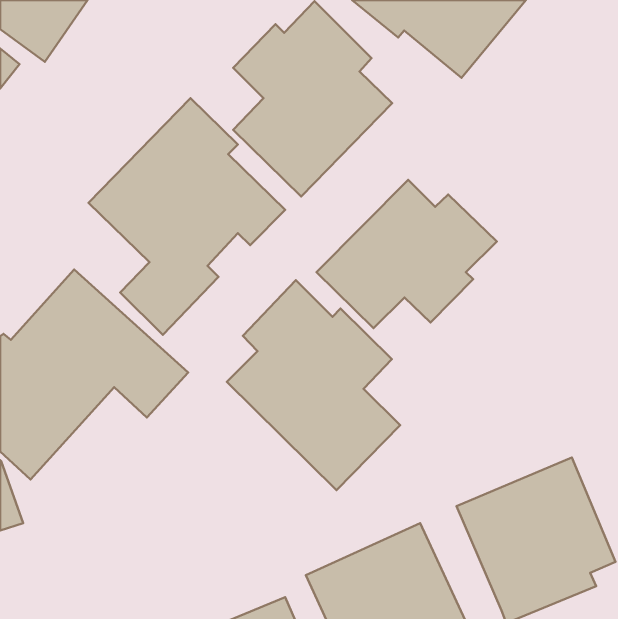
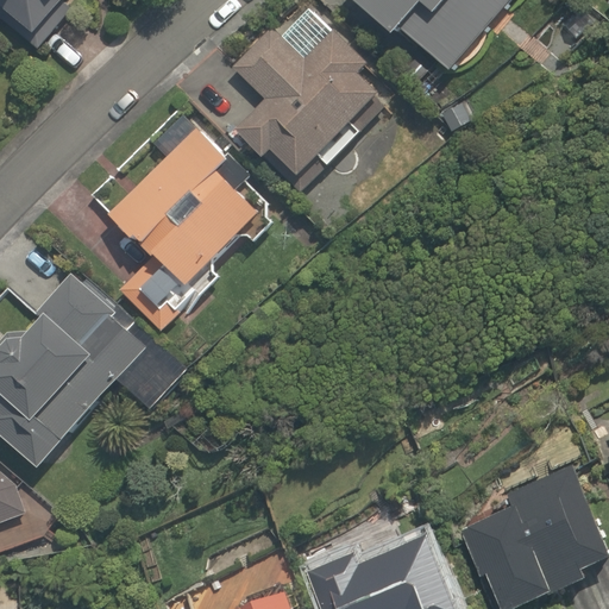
building: [317,180,497,328] -> none
building: [227,280,400,490] -> none

